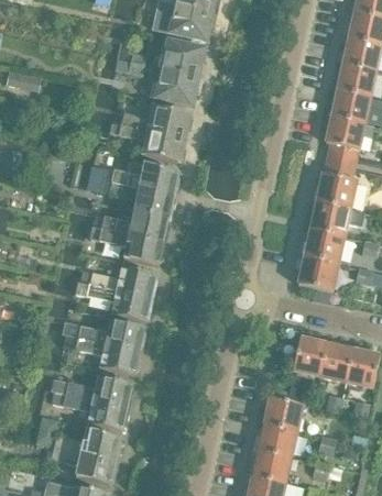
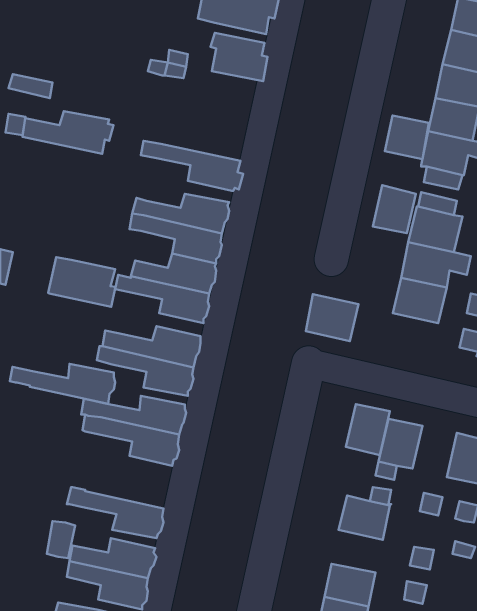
building: [154,68,204,103] -> none
building: none -> [385,116,429,159]
building: [124,104,195,137] -> [22,111,114,154]
building: none -> [373,185,416,233]
building: none -> [48,257,116,307]
building: [298,255,339,291] -> [306,294,358,341]
building: [319,342,353,382] -> [346,404,390,455]
building: [51,375,132,406] -> [10,364,115,404]
building: [257,422,296,455] -> none

